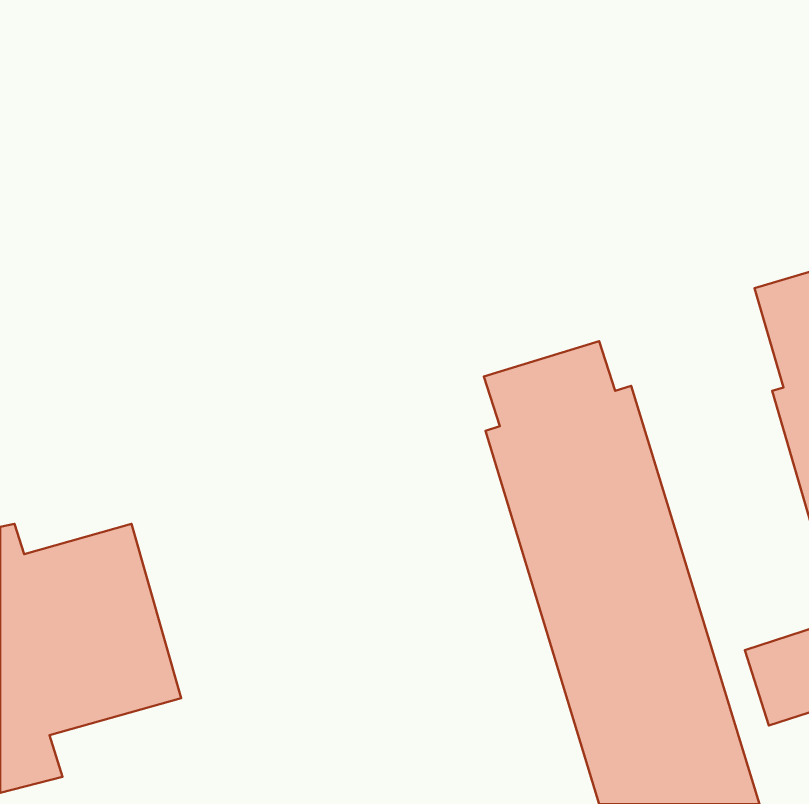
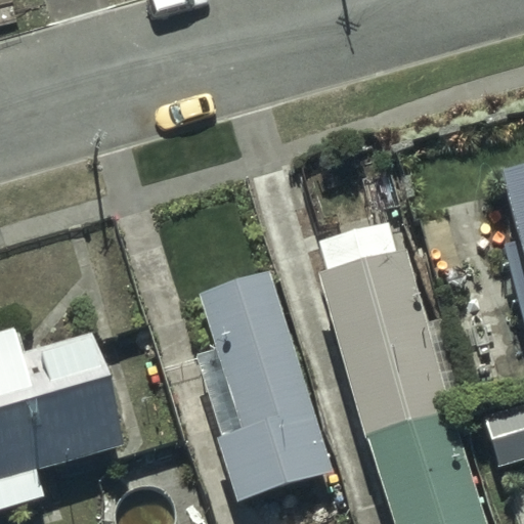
building: none -> [195,269,334,500]

